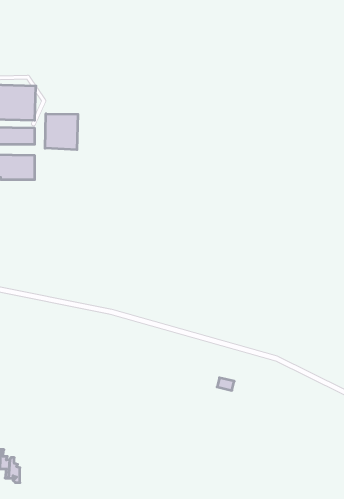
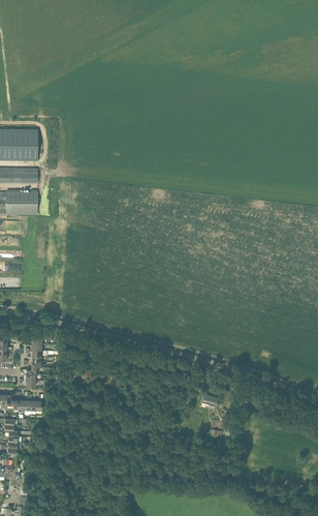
building: [45,114,78,150] -> none

